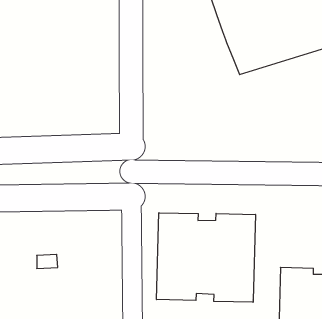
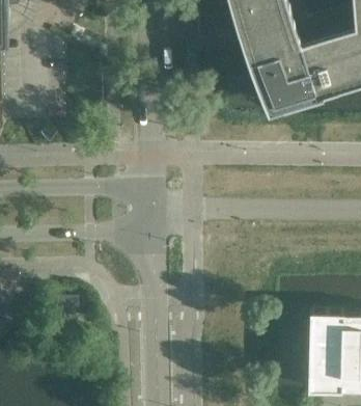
building: [157,213,255,302] -> none

